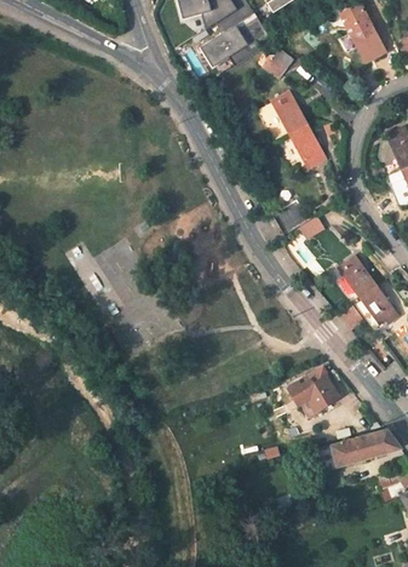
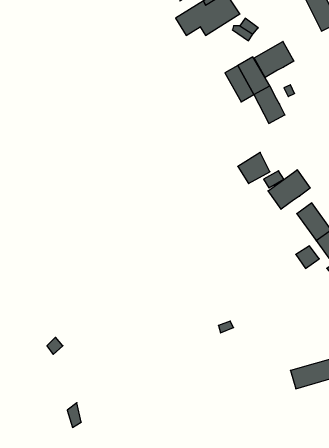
building: none -> [254,41,294,78]
building: none -> [268,170,310,209]
building: [297,367,338,411] -> none

